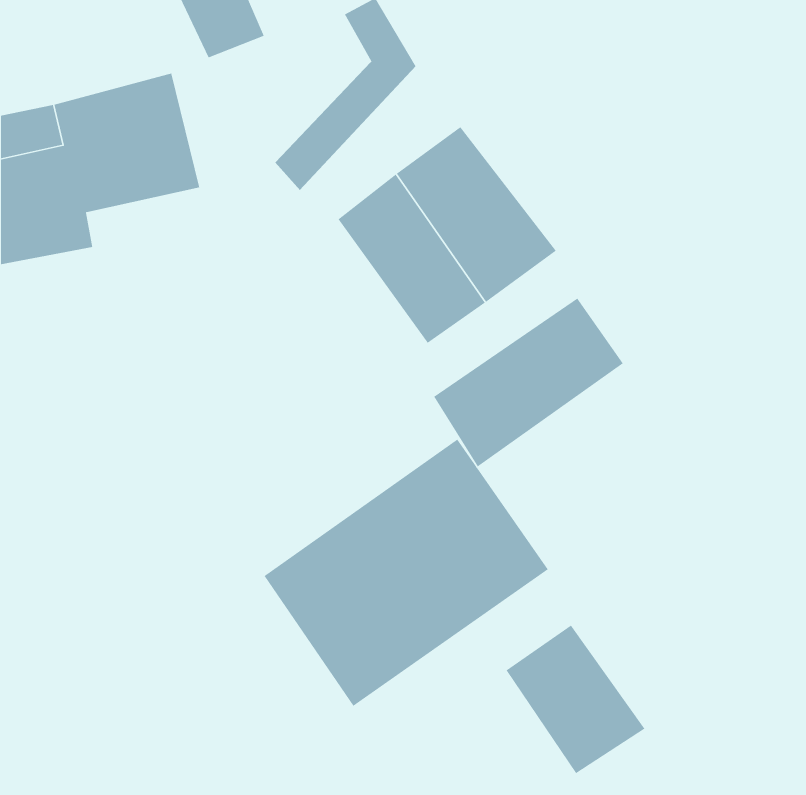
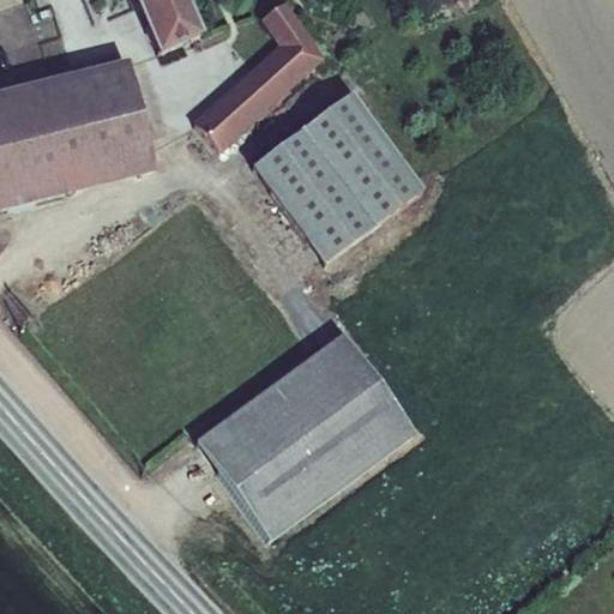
building: none -> [66,143,157,188]
building: [433,298,624,467] -> none
building: [506,624,646,774] -> none

